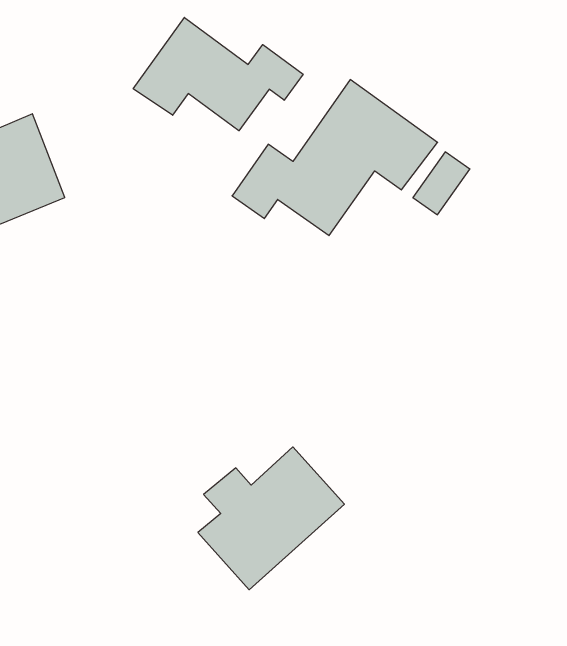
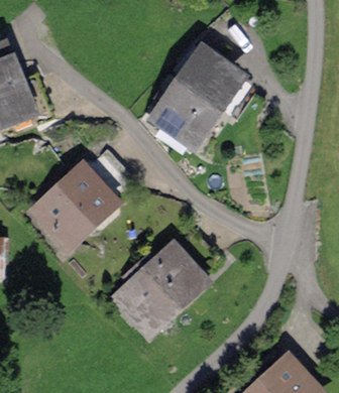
building: [133,17,303,131] -> none
building: none -> [42,172,110,239]

